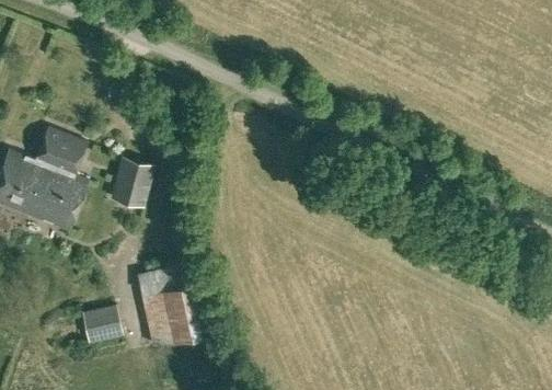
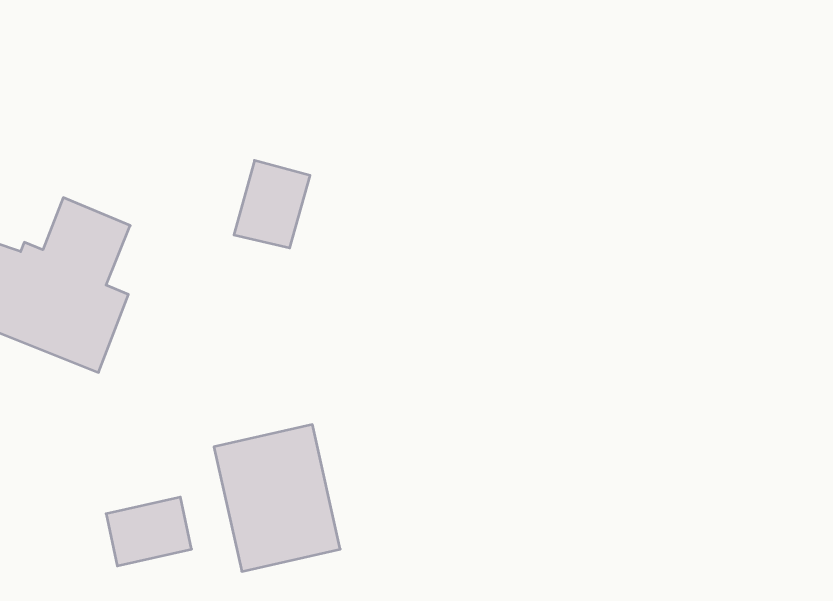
building: [110,154,154,206] -> [234,160,310,248]

